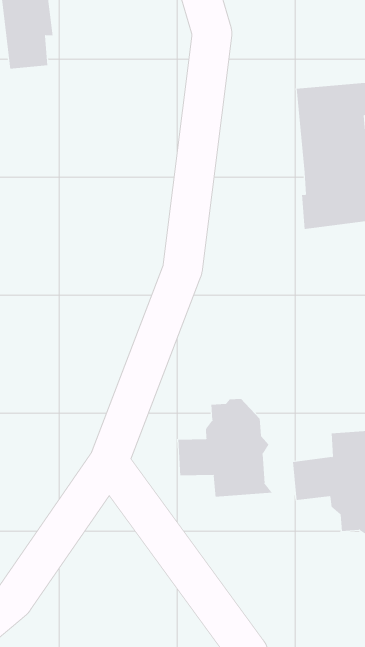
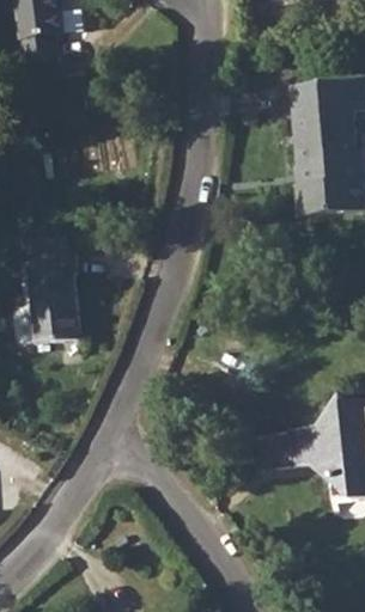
building: none -> [28,250,81,341]
building: [178,398,273,498] -> none

